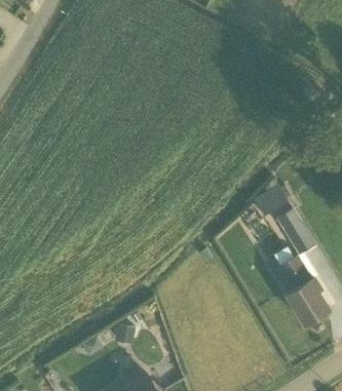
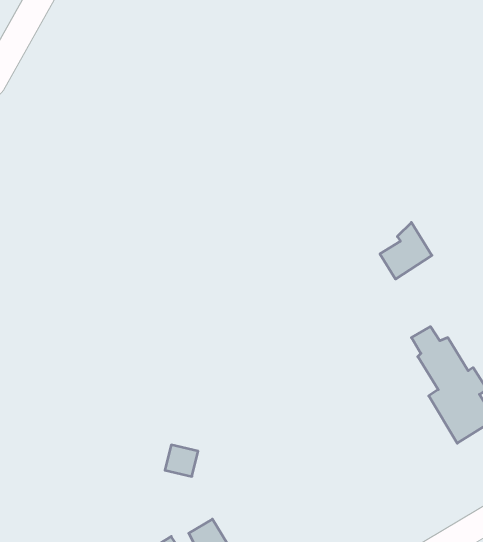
building: [276,209,315,257] -> none

